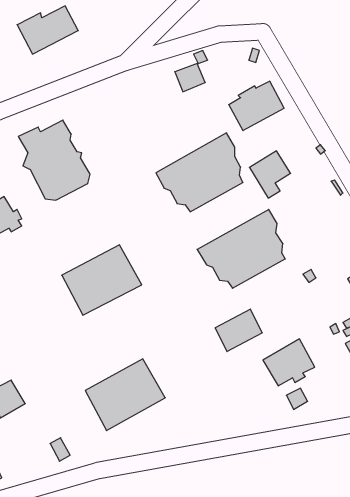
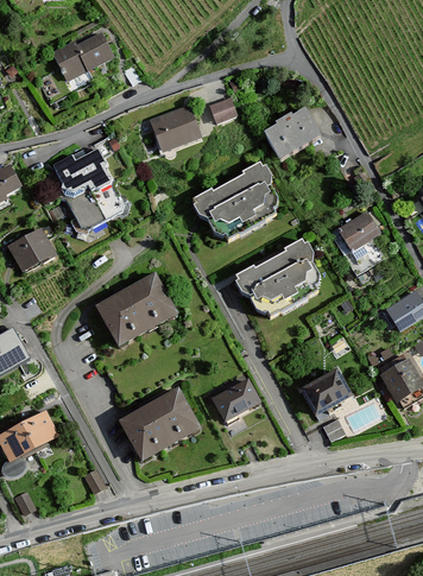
building: none -> [151,103,202,151]
building: [249,151,291,198] -> [337,210,379,258]
building: [215,309,262,352] -> [212,378,259,420]

